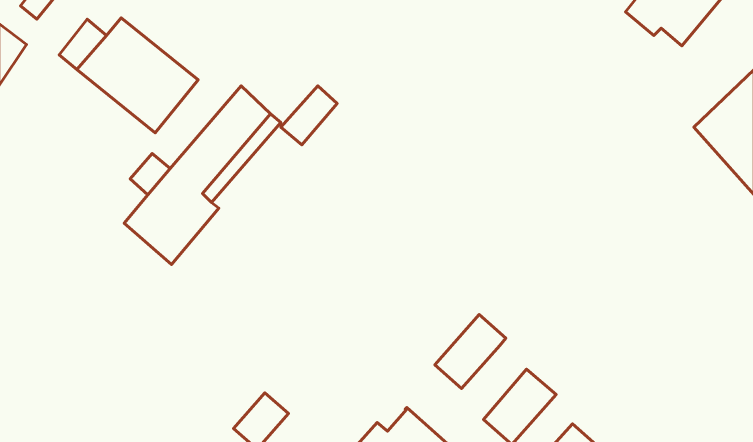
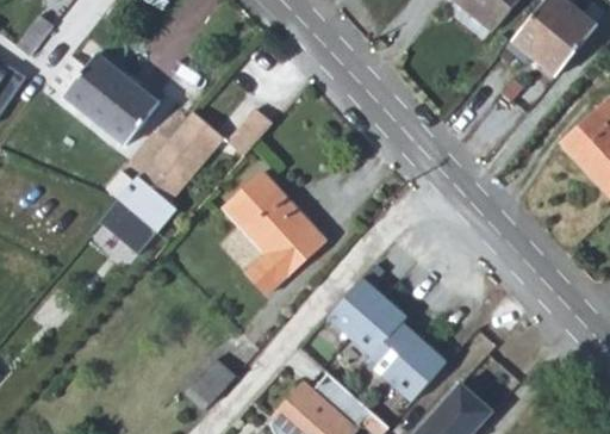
building: none -> [224,174,325,296]
building: none -> [328,275,386,336]
building: none -> [367,321,424,380]

